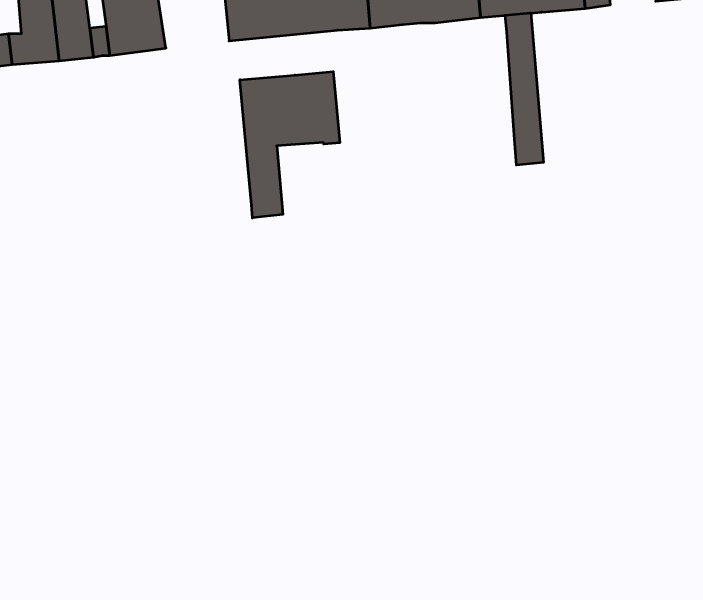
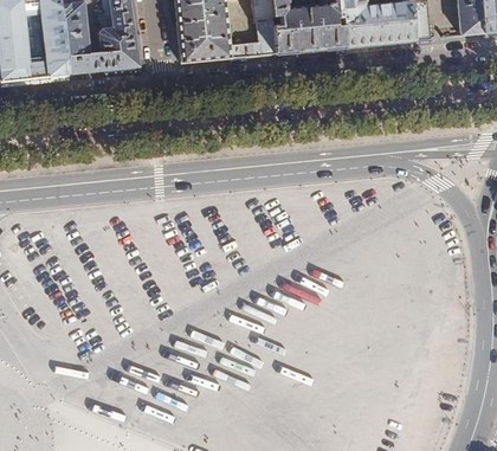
building: [505,13,543,165] -> none
building: [240,72,340,218] -> none

